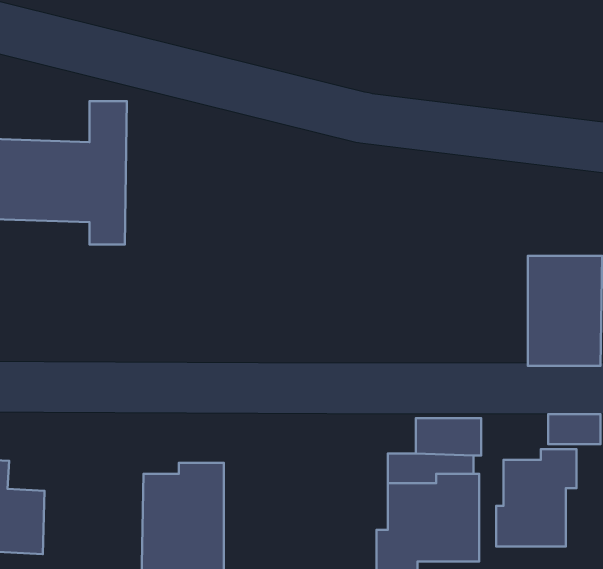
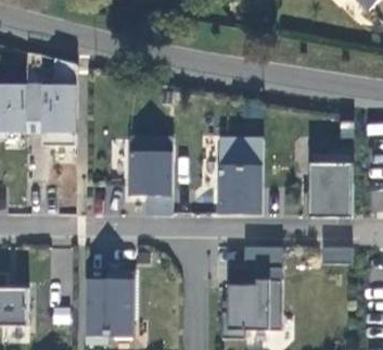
building: none -> [129,137,171,215]
building: none -> [218,137,263,213]
building: [496,449,576,546] -> none

